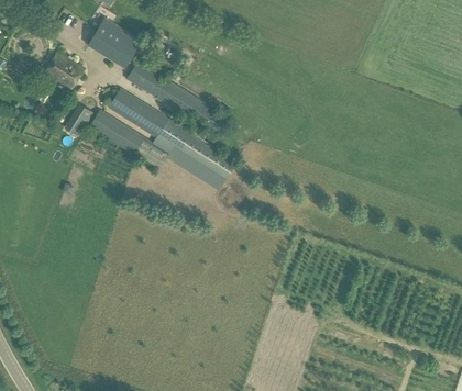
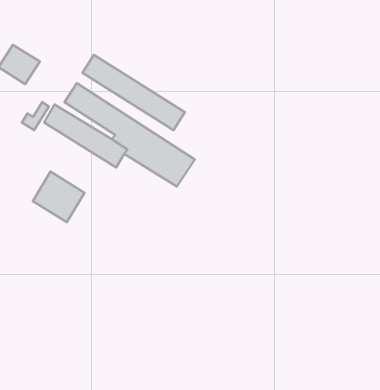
building: [87,18,141,68] -> none
building: none -> [33,171,85,222]

